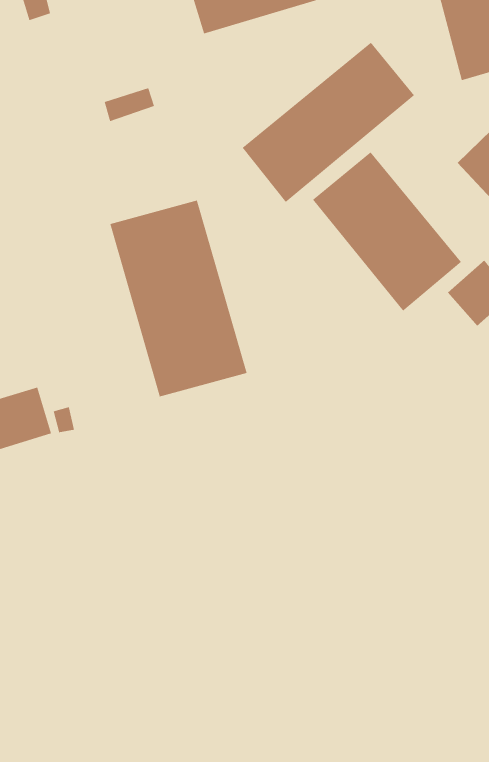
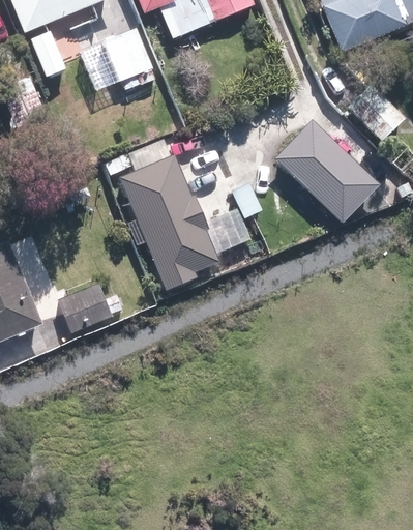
building: none -> [80,30,153,93]
building: [242,42,415,203] -> none

